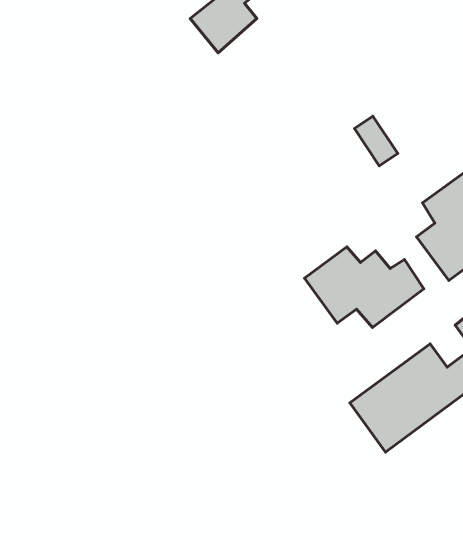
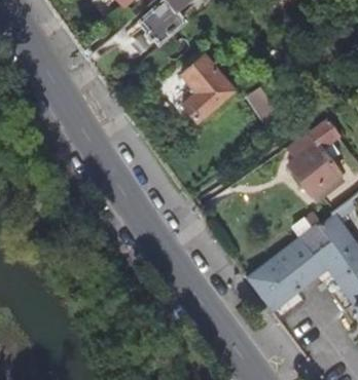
building: none -> [184,54,236,121]
building: [304,247,424,328] -> none

